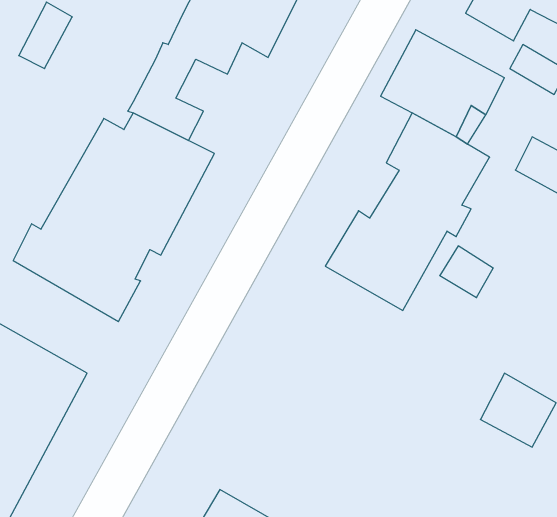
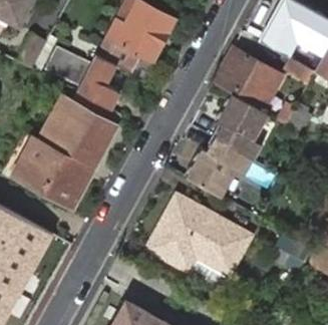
building: none -> [44,46,91,87]
building: none -> [149,198,253,284]

